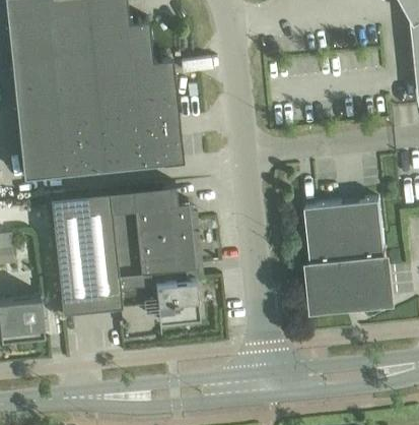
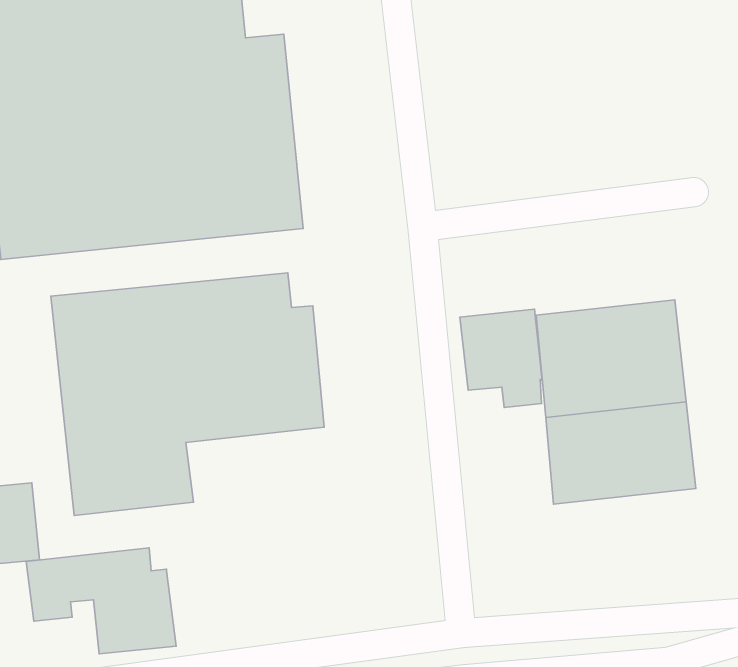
building: none -> [460,309,542,408]
building: [121,268,200,324] -> [26,548,176,654]

